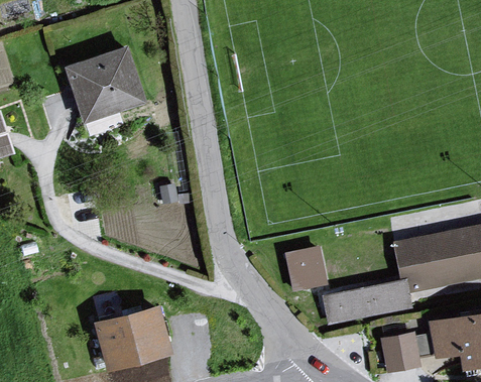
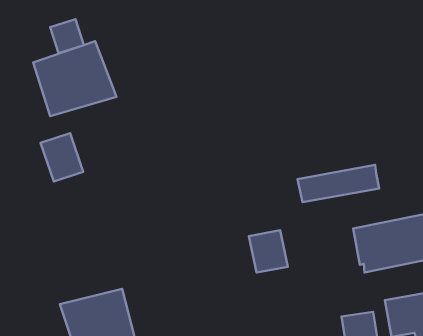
building: none -> [50,19,84,53]
building: none -> [41,133,83,181]
building: [327,281,412,321] -> [298,165,379,202]

